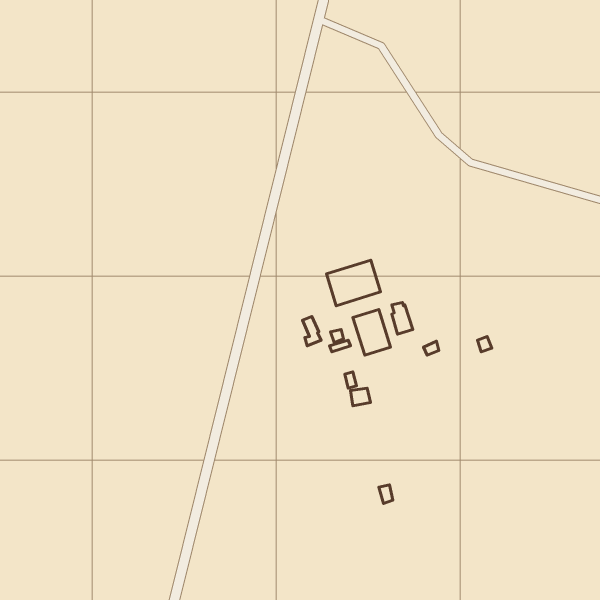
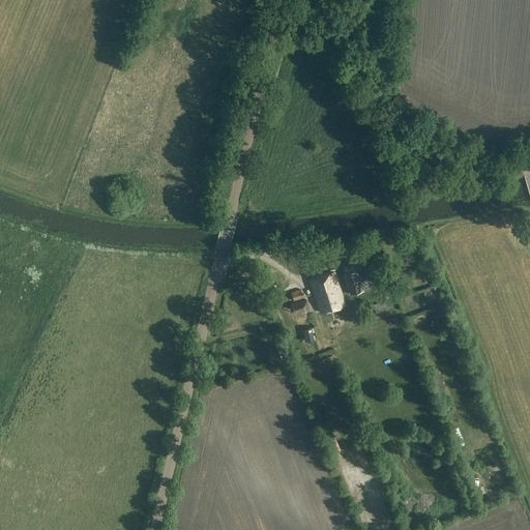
building: [326,260,381,306] -> none

